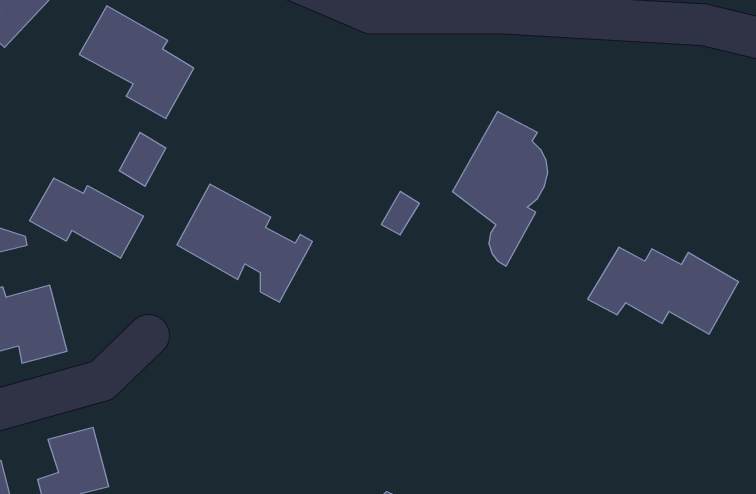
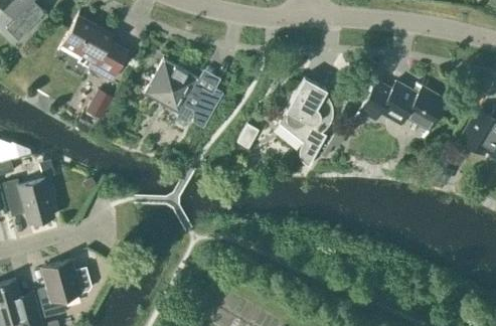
building: [30,178,144,258] -> none
building: [177,184,312,302] -> [144,59,222,128]
building: [588,247,739,334] -> [358,80,446,131]

